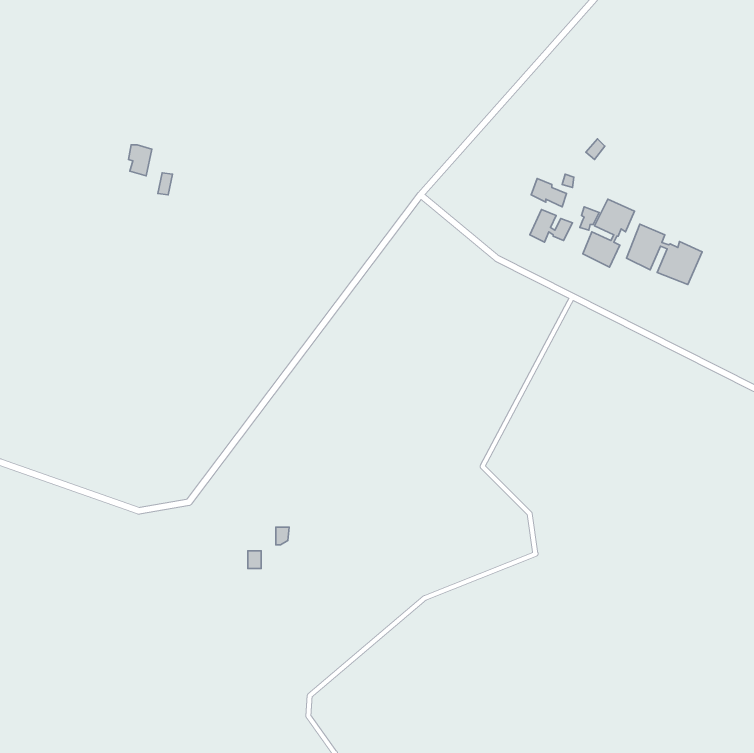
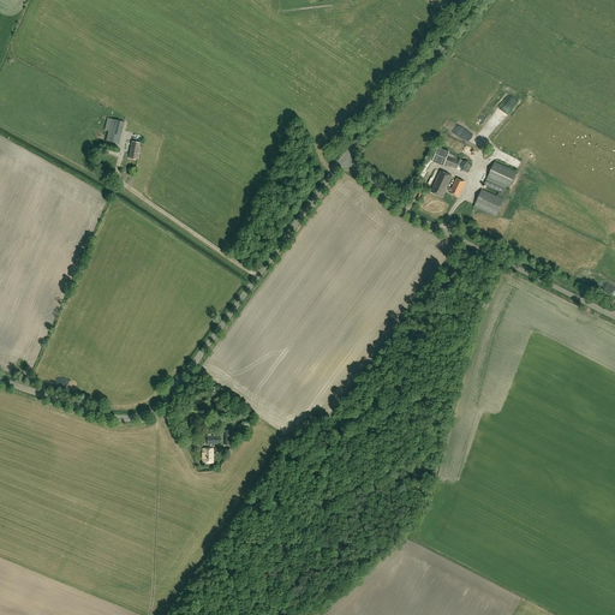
building: [626,224,702,284] -> none

